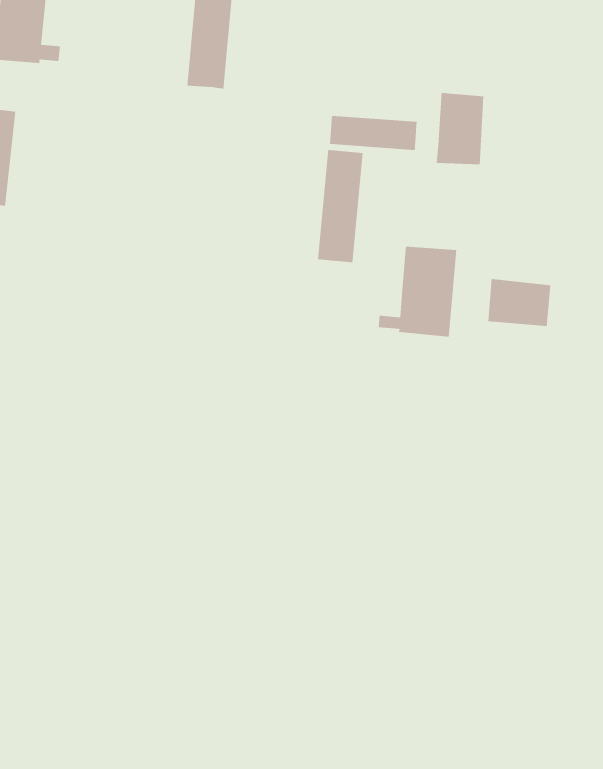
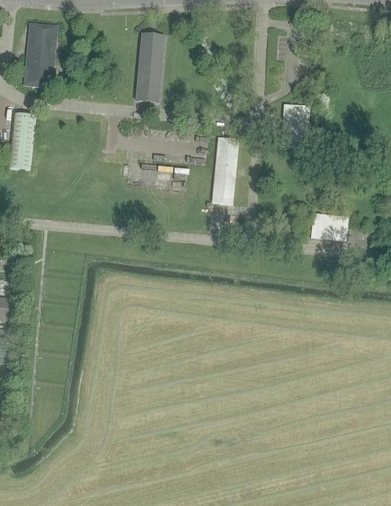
building: [329,115,417,151] -> none
building: [378,246,457,338] -> none

